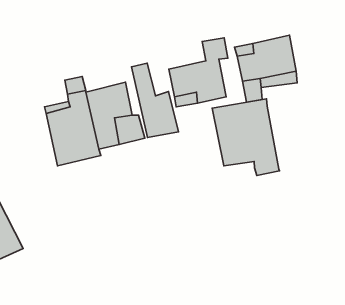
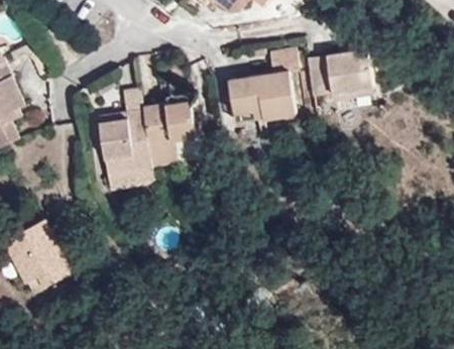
building: [131,63,178,137] -> none
building: [212,99,280,176] -> none

